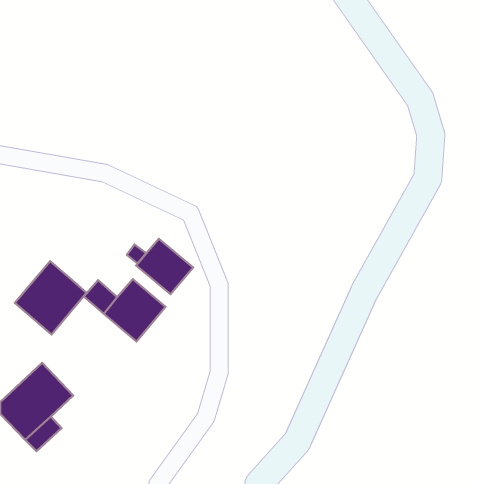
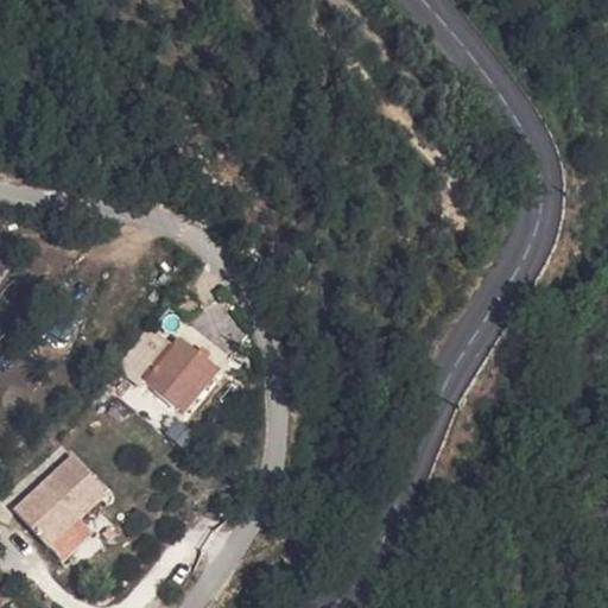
building: [136,239,193,294] -> none
building: [15,261,87,334] -> none

